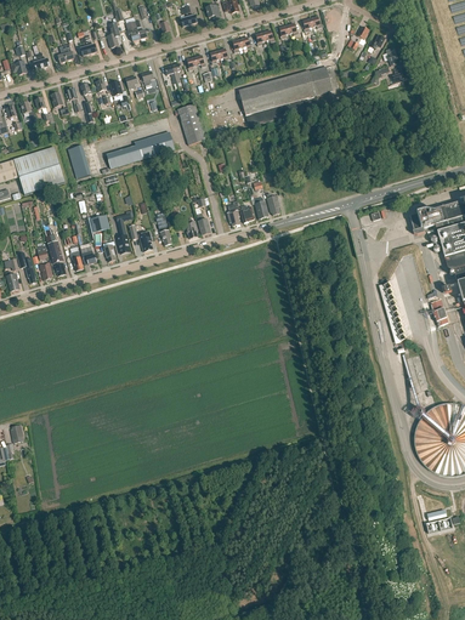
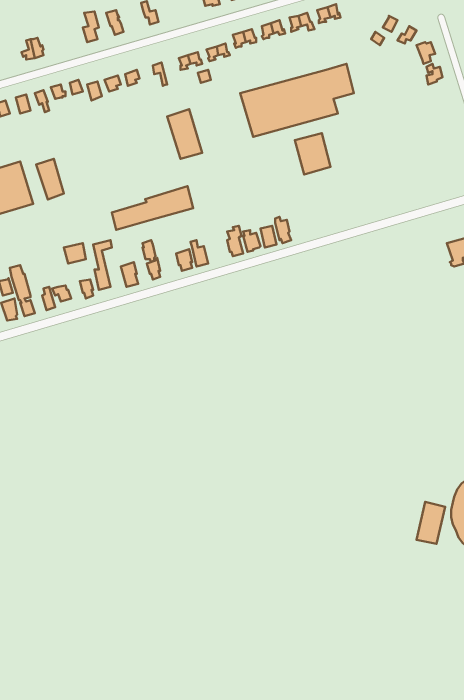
building: none -> [295,133,330,175]
building: [107,131,175,167] -> [112,186,193,230]
building: none -> [417,502,445,544]

